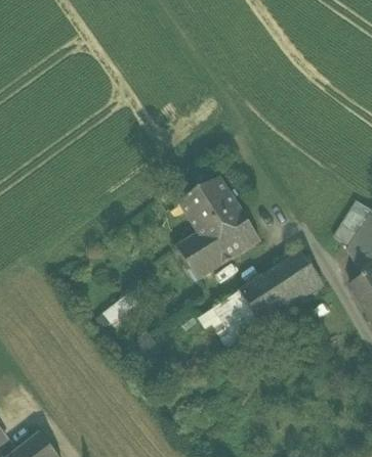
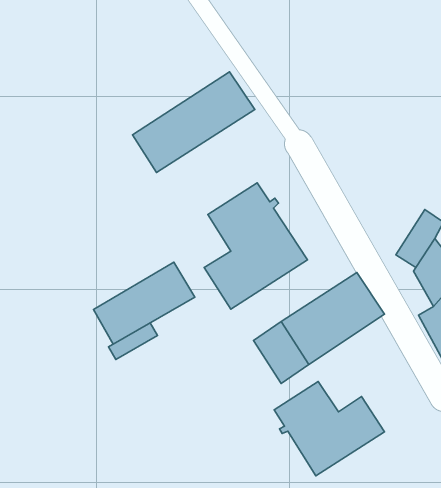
building: none -> [132,72,255,173]
building: none -> [93,262,195,344]
building: none -> [274,381,384,476]

